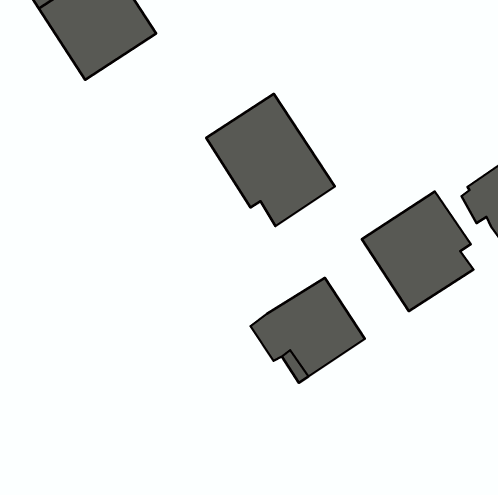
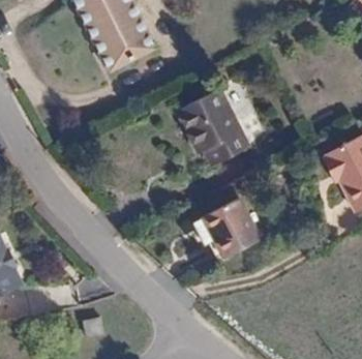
building: [362,191,474,311] -> none

